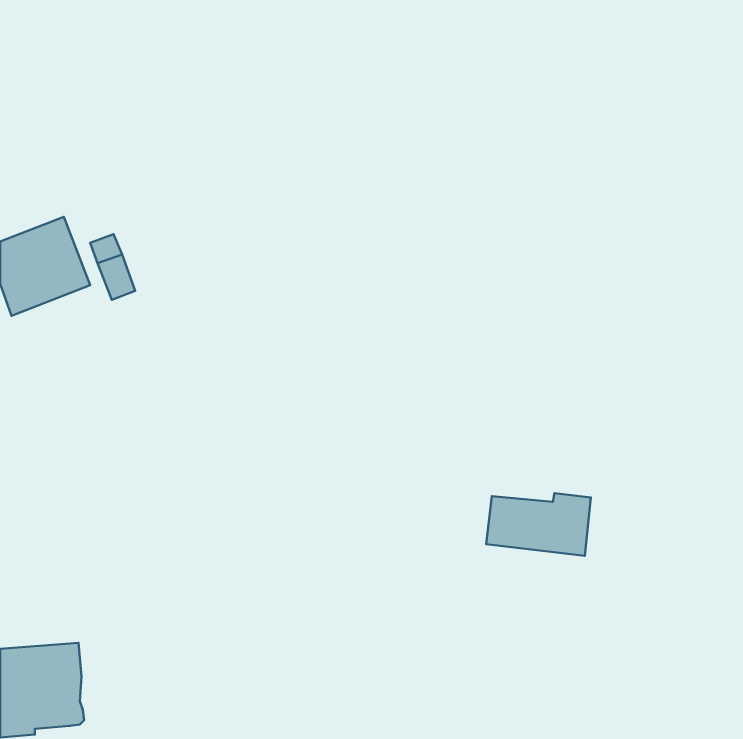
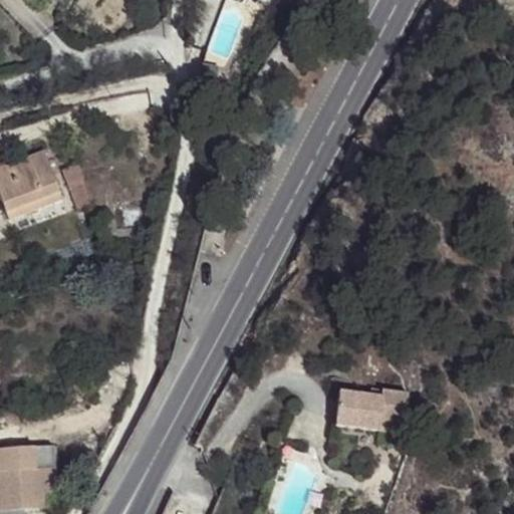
building: [486,493,591,556] -> [335,389,408,432]

